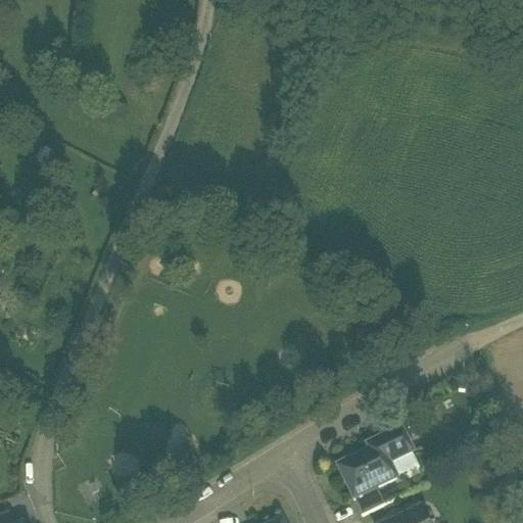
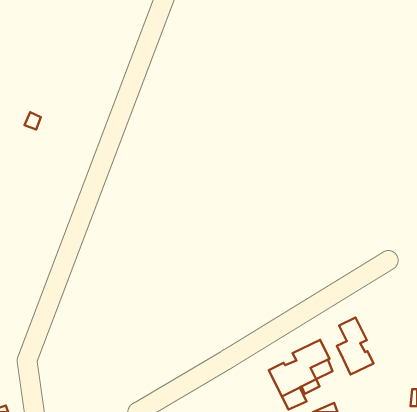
building: none -> [337,318,373,375]

